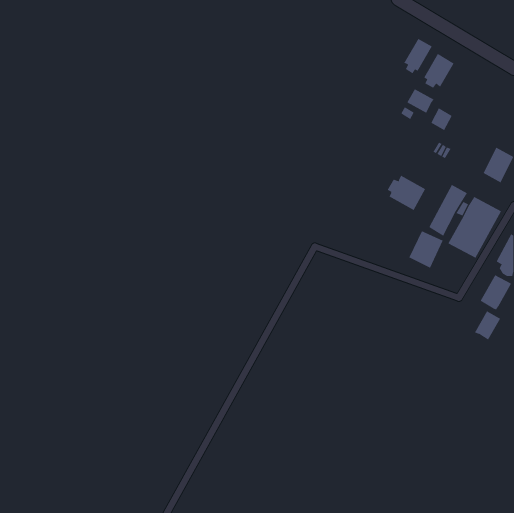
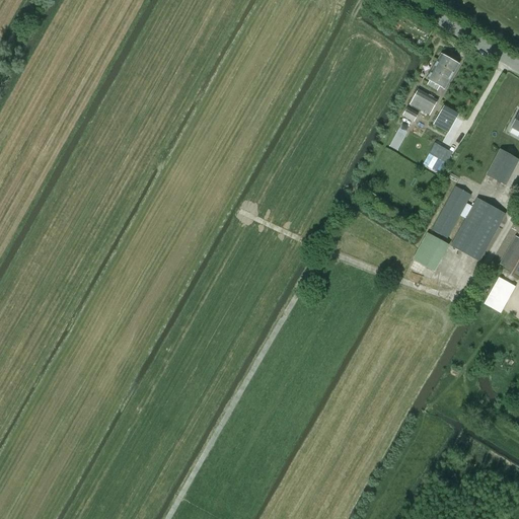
building: [404,38,433,74] -> none
building: [387,175,426,211] -> none
building: [474,311,501,341] -> none

